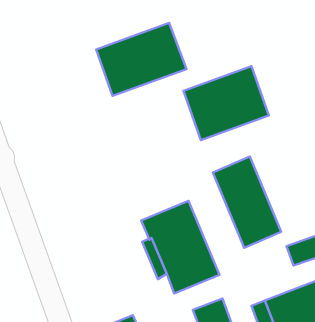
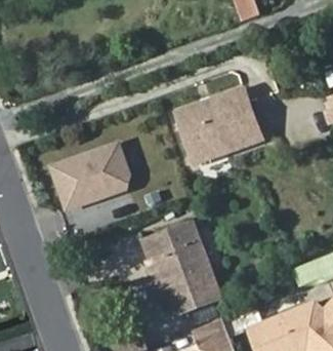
building: [96,23,187,96] -> [47,139,137,211]
building: [213,157,281,248] -> none

